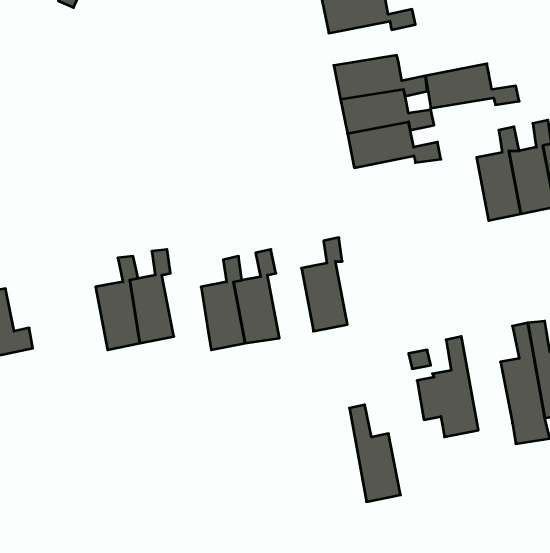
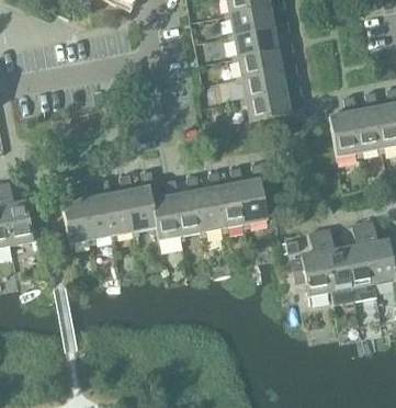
building: [426,64,519,108] -> [234,27,294,56]
building: none -> [238,162,268,223]
building: none -> [126,170,156,230]
building: none -> [194,171,224,231]
building: none -> [61,182,91,242]
building: [349,405,401,502] -> [319,228,352,291]

